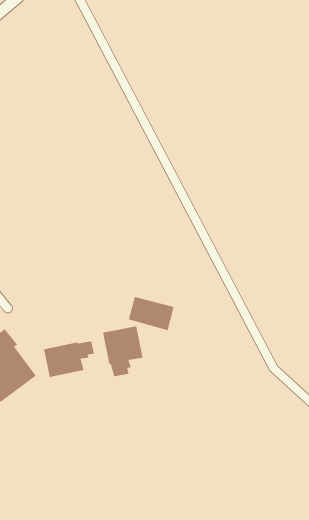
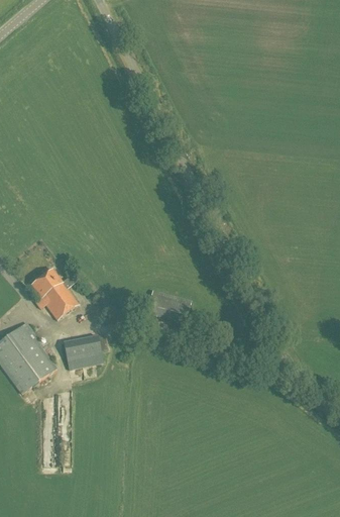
building: none -> [30,269,78,320]
building: [102,325,143,377] -> none

